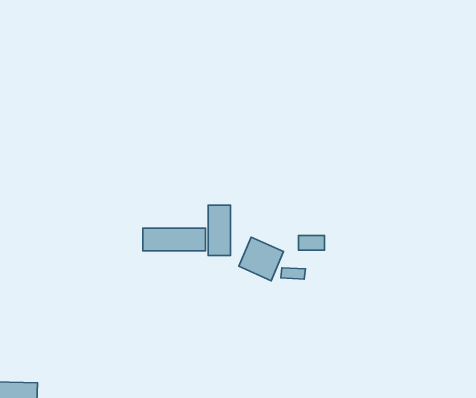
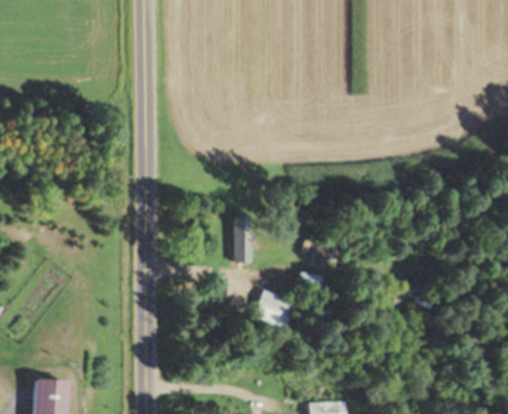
building: [143,228,206,251] -> none
building: [239,237,283,281] -> [253,288,295,329]

